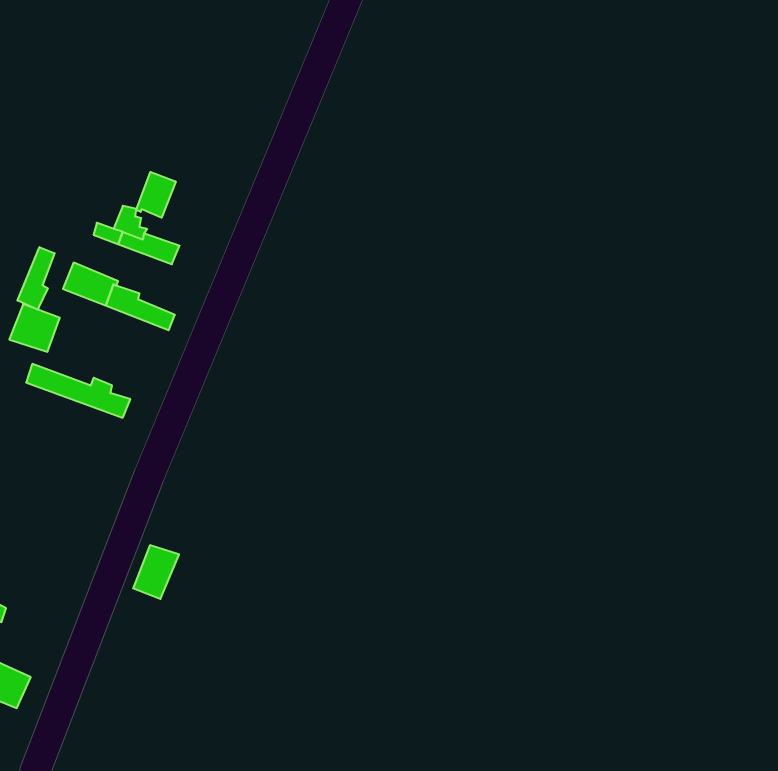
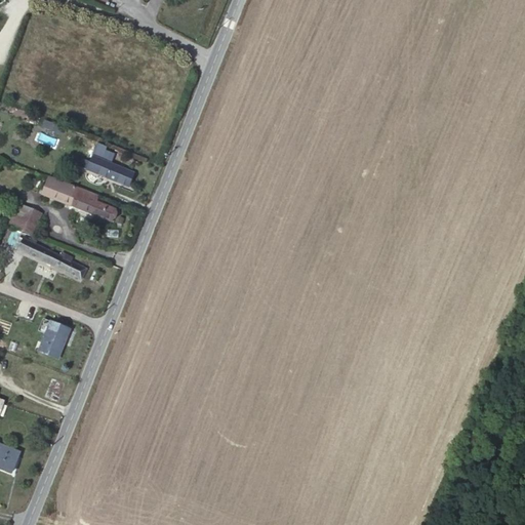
building: [136,172,176,218] -> none
building: [17,247,55,310] -> none
building: [133,545,179,599] -> [40,323,71,359]

